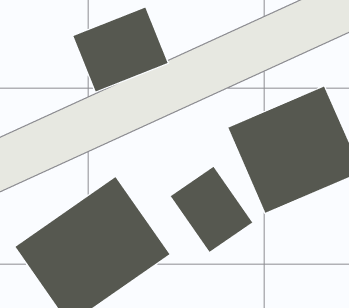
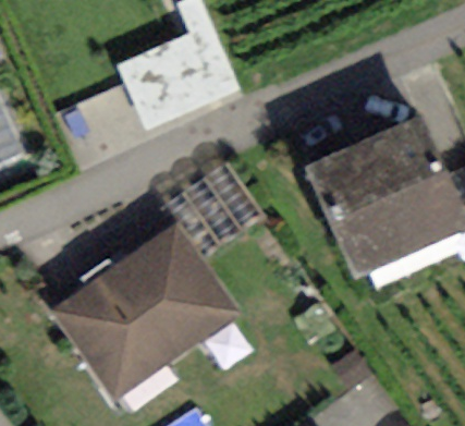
building: [170,166,253,253] -> none

